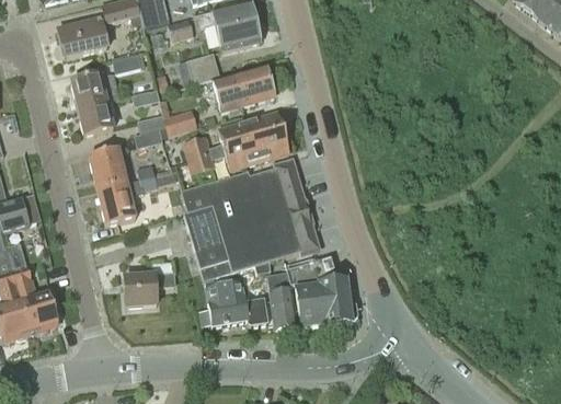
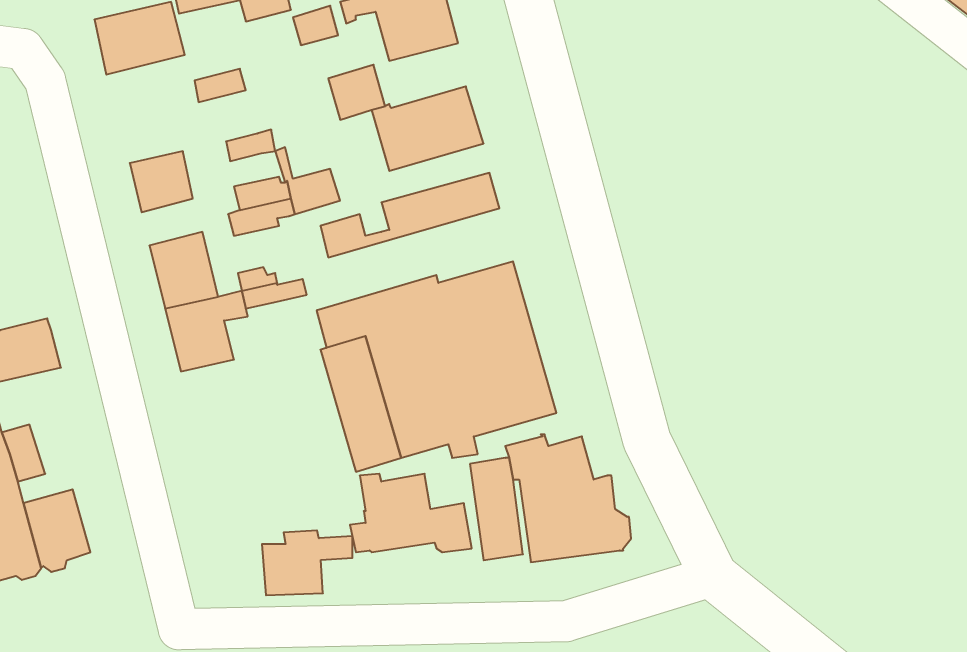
building: [71,74,107,107] -> none
building: [188,132,289,173] -> none
building: [124,268,174,304] -> [262,530,352,595]

